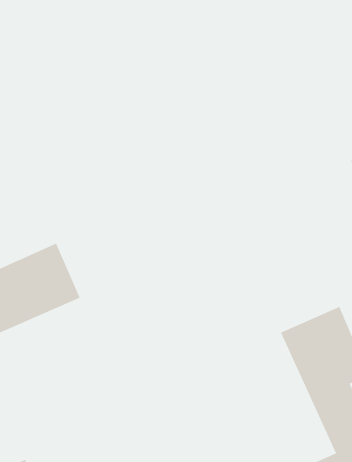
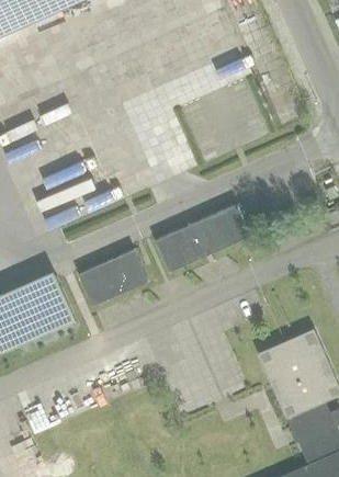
building: none -> [155,204,251,273]
building: none -> [79,250,149,307]

